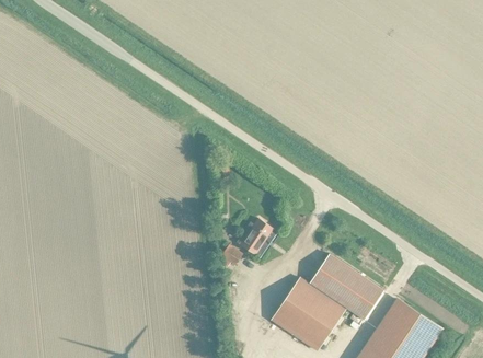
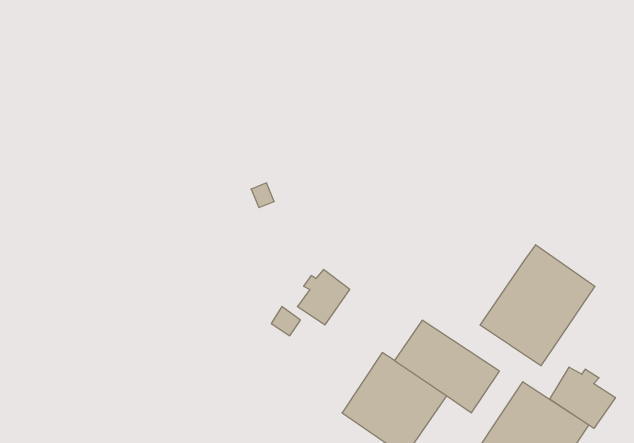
building: none -> [480,245,595,366]
building: none -> [550,367,615,428]

